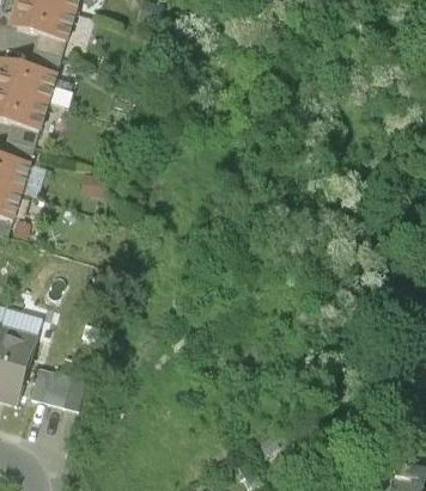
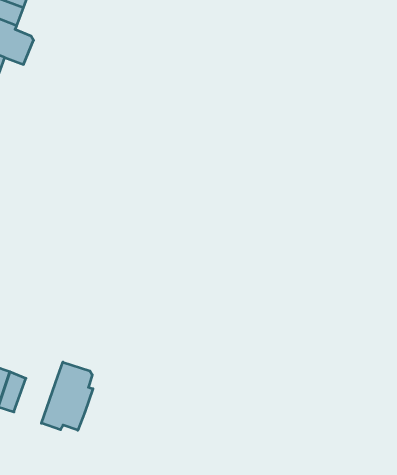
building: none -> [41,362,93,430]

